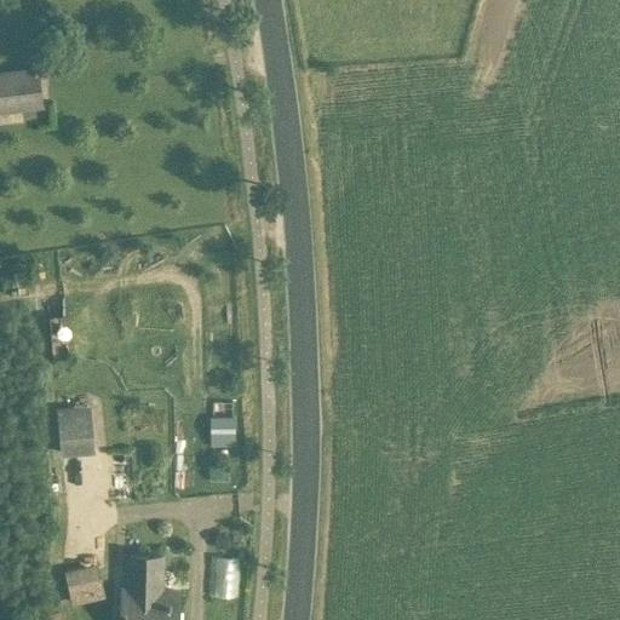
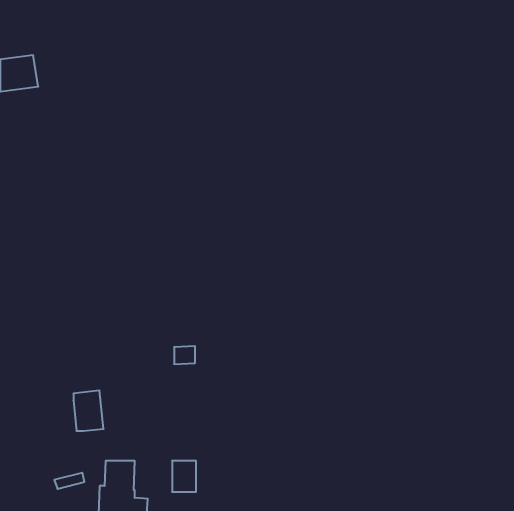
building: [58,407,94,455] -> [73,391,104,431]

